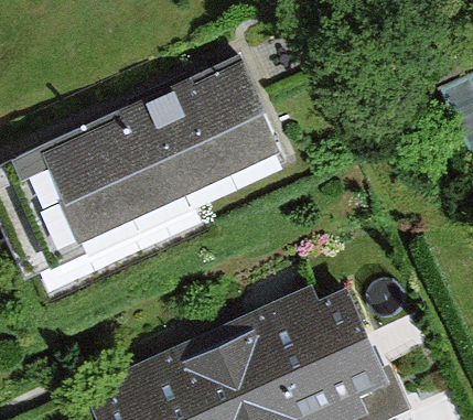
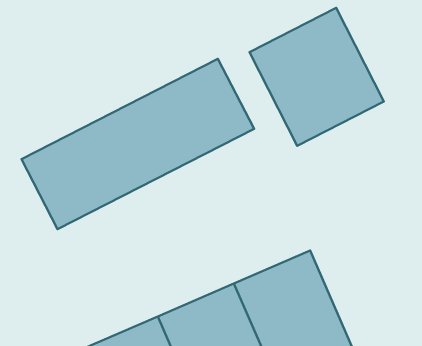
building: none -> [249,8,384,146]

